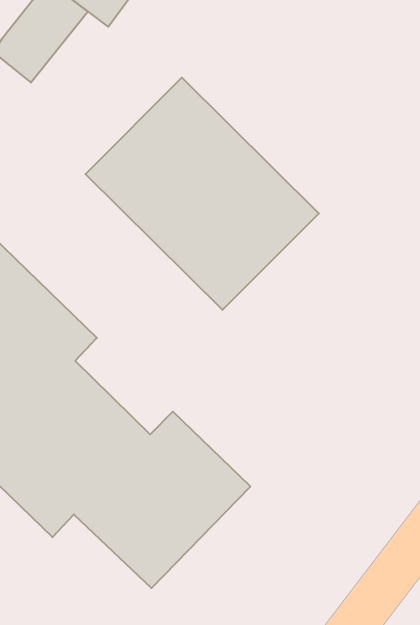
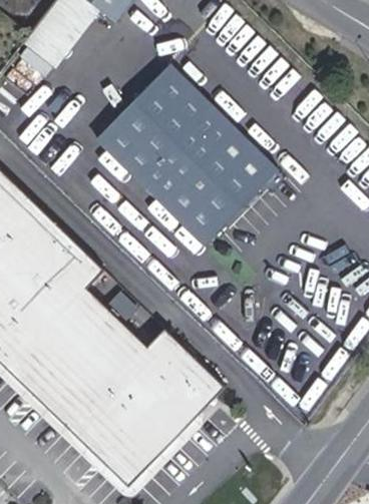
building: none -> [67,411,145,487]

